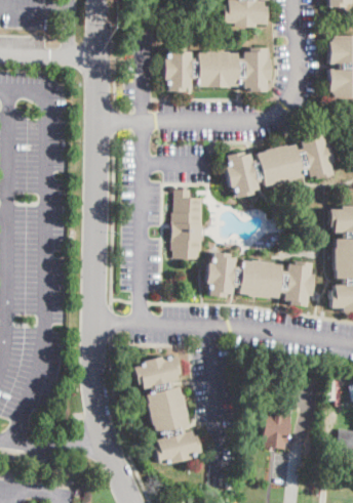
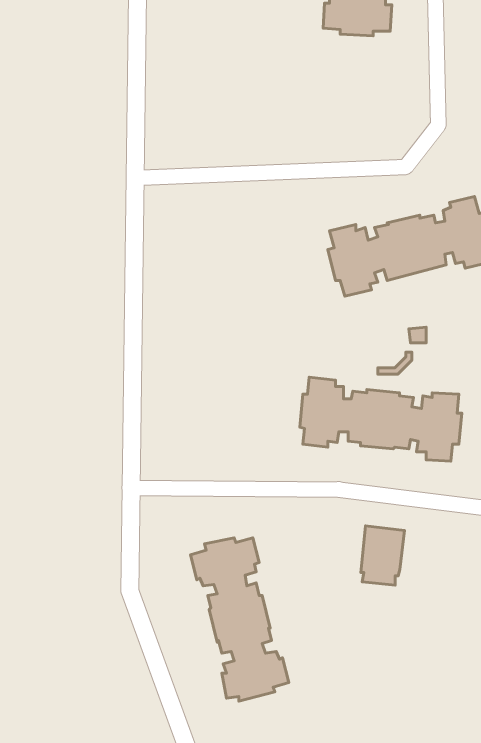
building: [165,47,270,91] -> none
building: [172,190,205,259] -> none
building: [264,410,292,449] -> [361,526,404,585]

